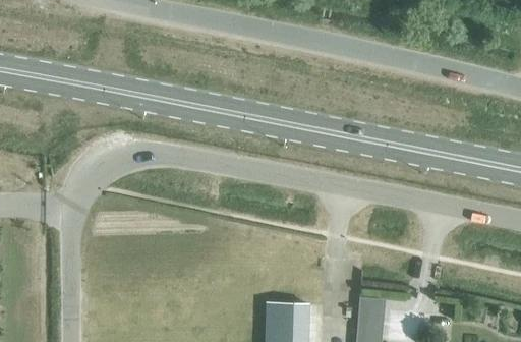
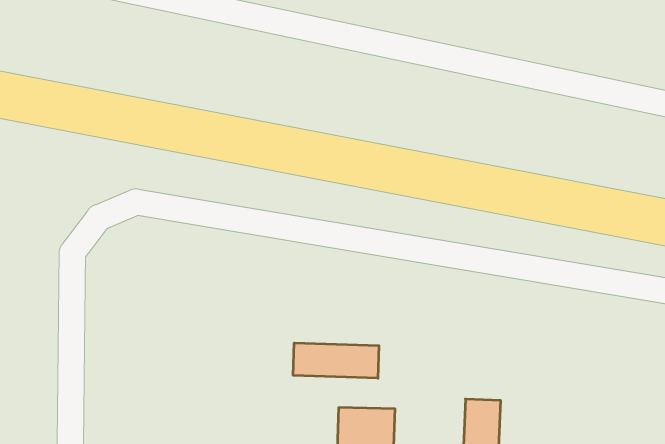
building: none -> [293,343,379,378]

